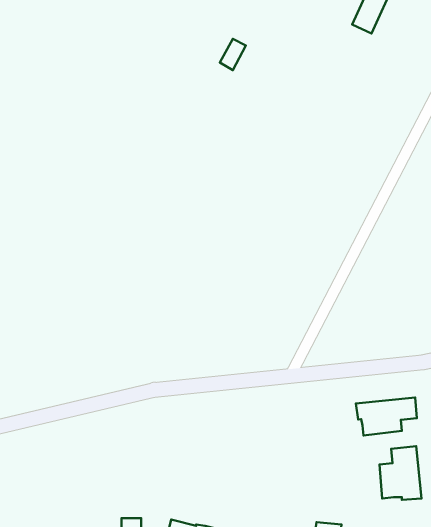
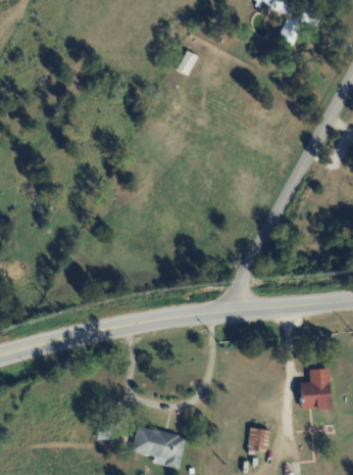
building: [356,397,417,435] -> none

